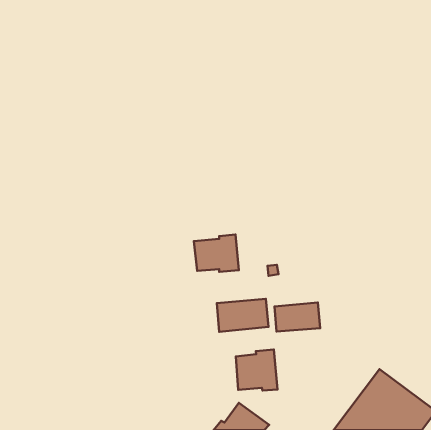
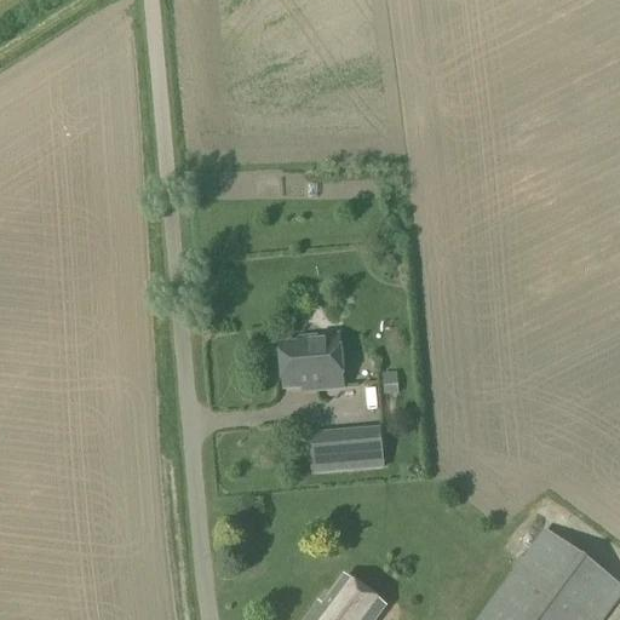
building: [274,303,320,331] -> none
building: [236,350,277,391] -> none

